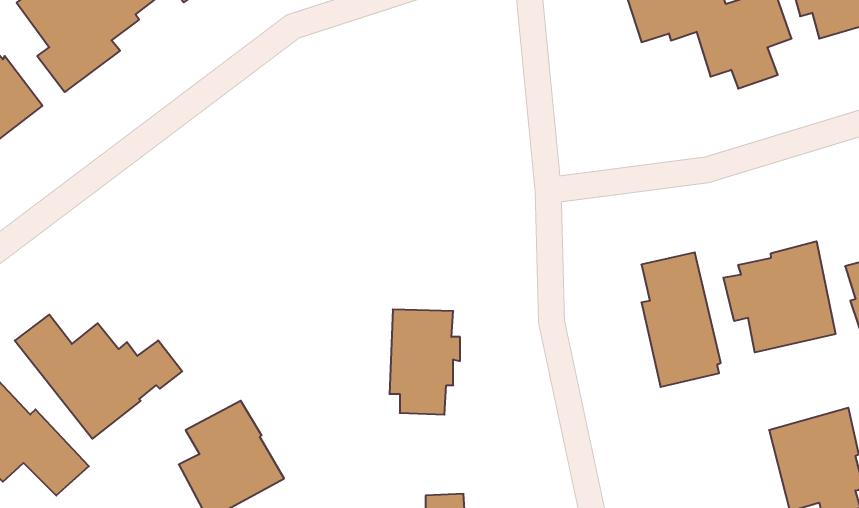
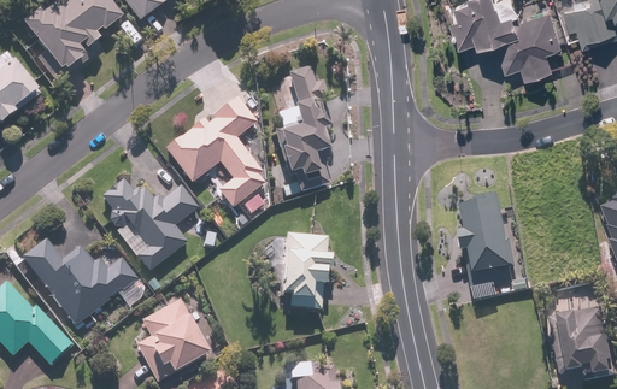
building: none -> [269,66,330,194]
building: none -> [165,70,264,216]
building: none -> [100,175,199,272]
building: [723,241,835,352] -> none

